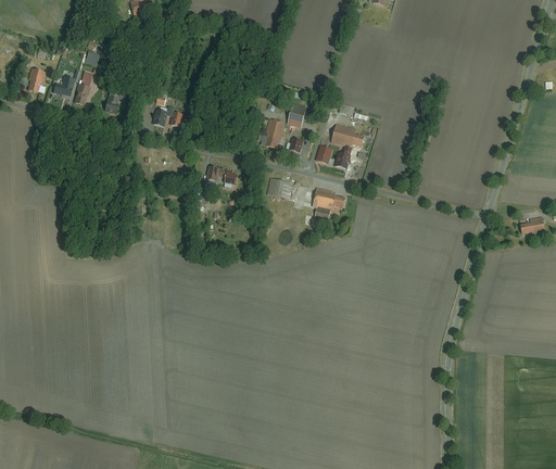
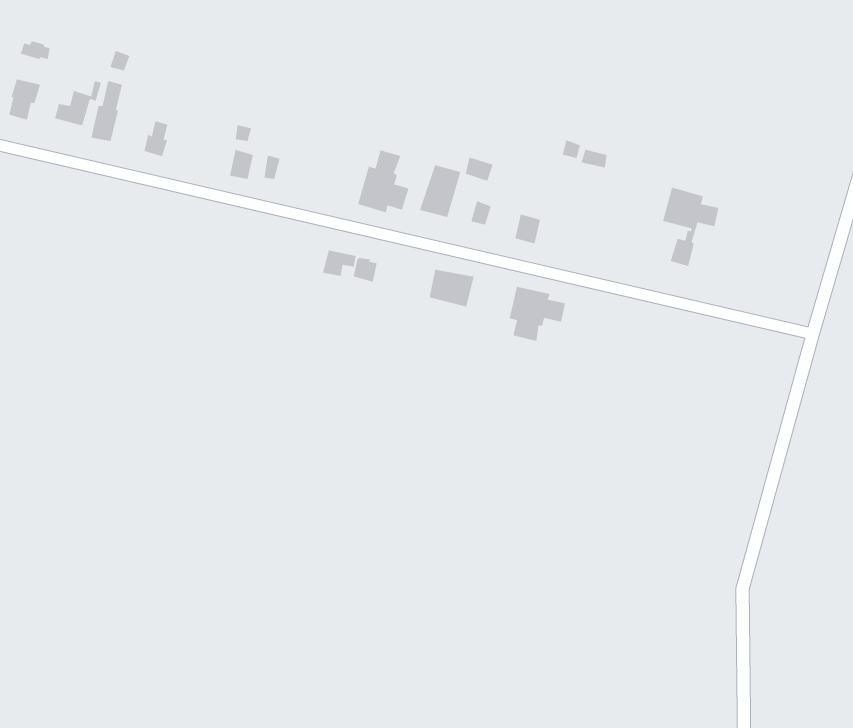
building: none -> [358,149,409,213]
building: [331,123,364,168] -> [662,187,719,267]

